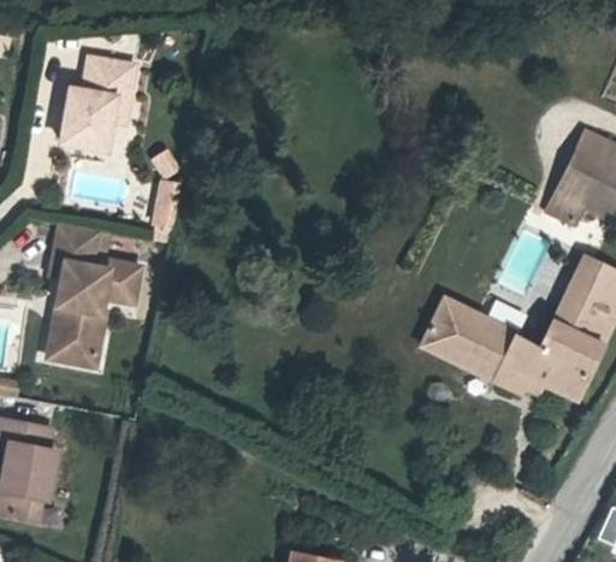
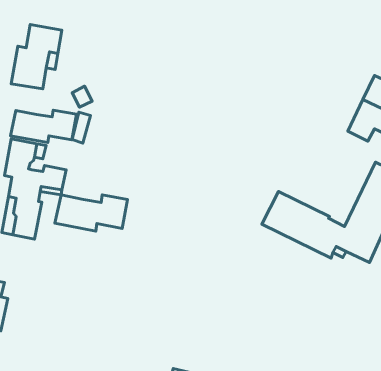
building: none -> [11,110,76,143]
building: none -> [55,195,128,231]

